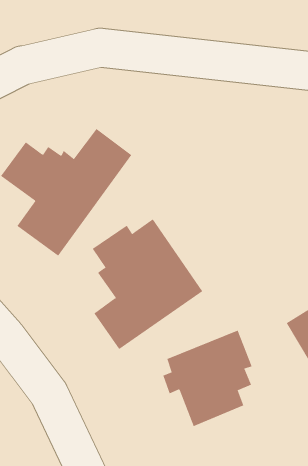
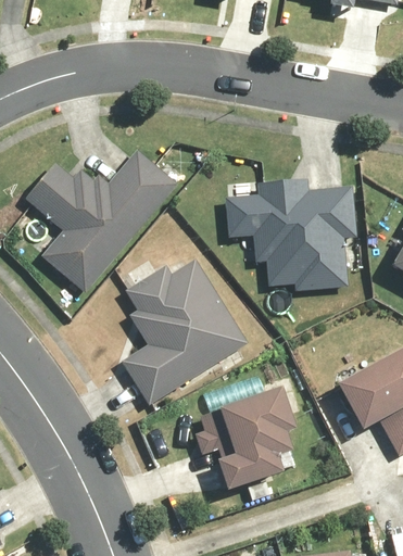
building: none -> [226,179,358,291]

